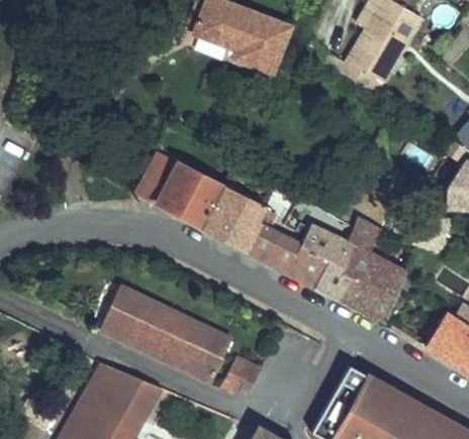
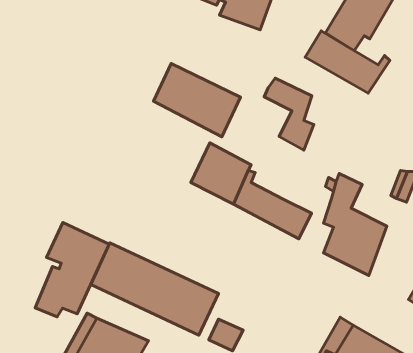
building: none -> [305,31,390,93]
building: [133,152,222,227] -> [154,64,241,137]
building: [298,225,349,299] -> [264,78,314,150]
building: none -> [35,223,109,317]

